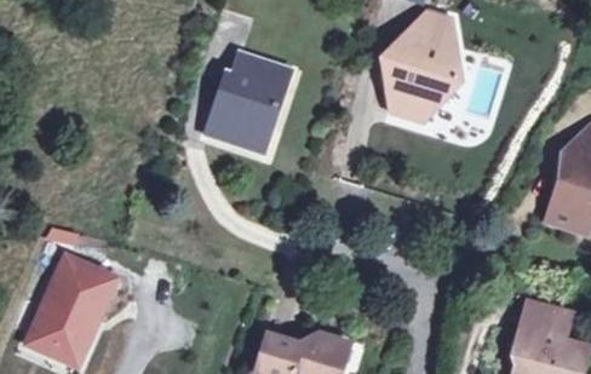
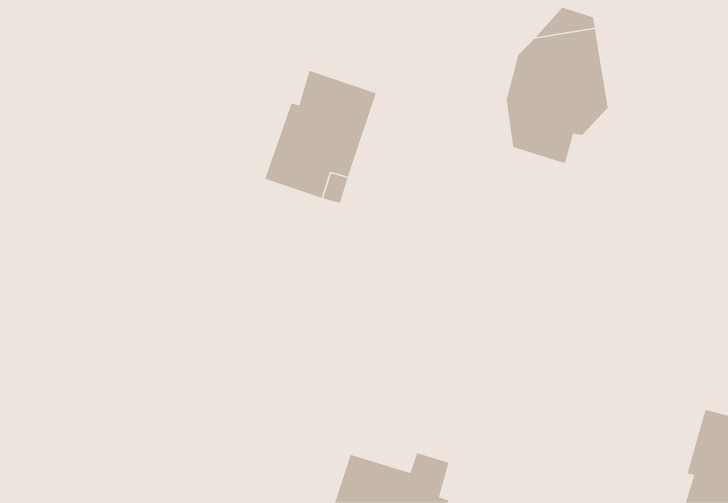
building: [24,254,116,364] -> none

